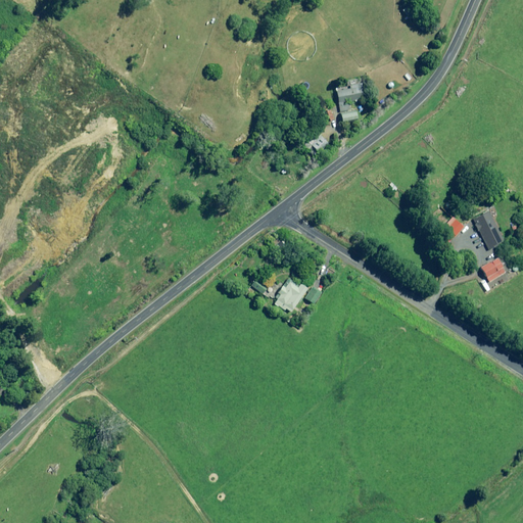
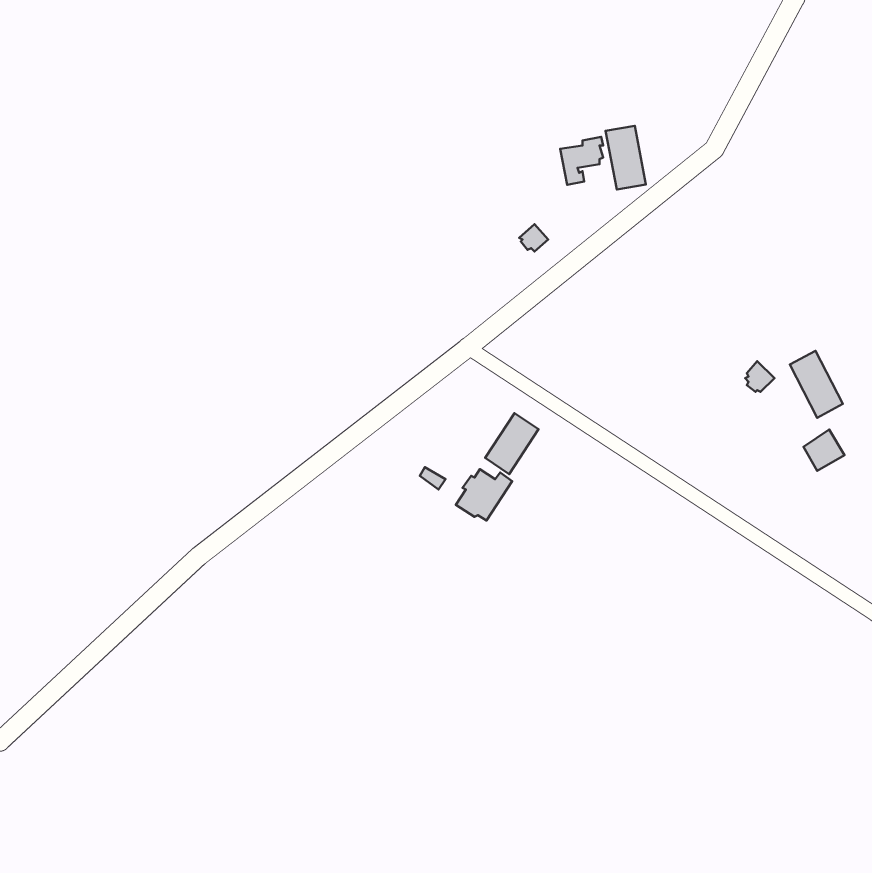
building: none -> [606,126,646,190]
building: none -> [485,413,539,474]

